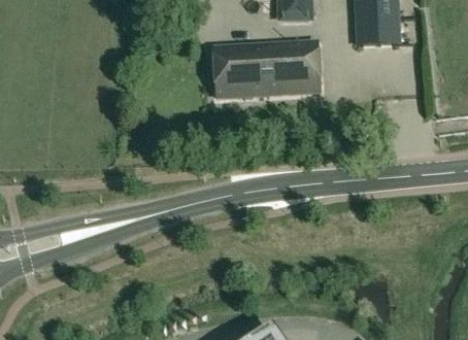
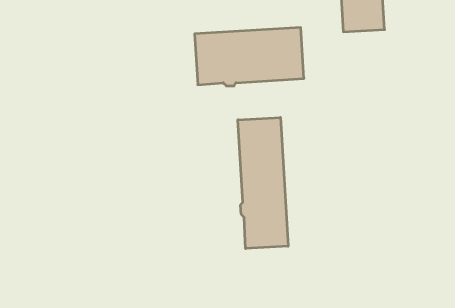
building: none -> [238,117,288,249]

